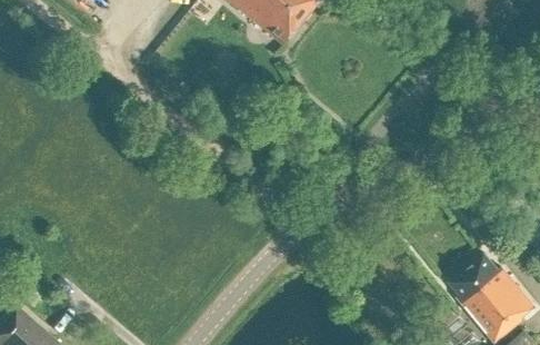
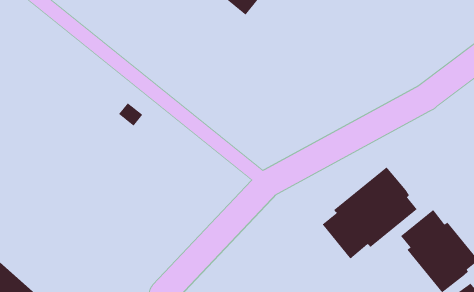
building: none -> [322,167,418,259]

